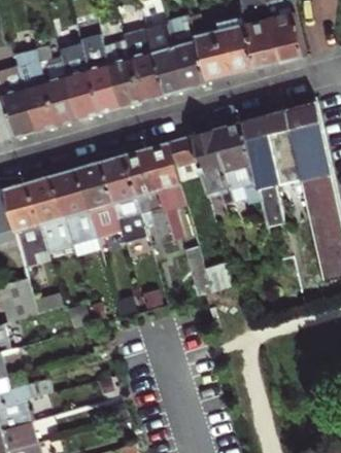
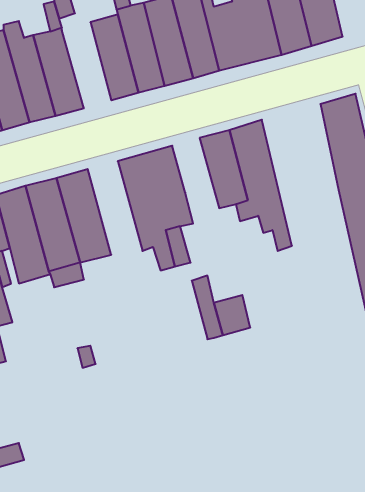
building: [80,45,120,113] -> none
building: [239,110,300,222] -> none
building: [168,137,200,180] -> none
building: [101,155,146,243] -> none

